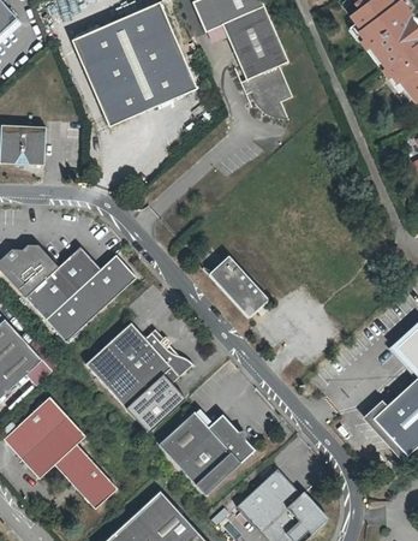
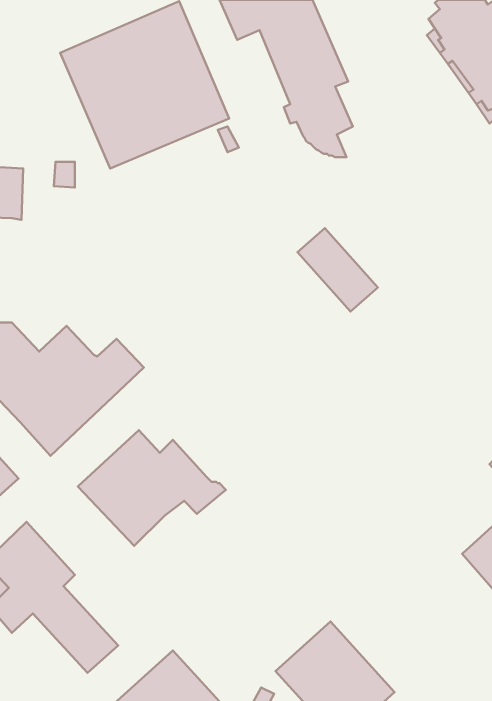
building: [207,255,267,317] -> [297,228,378,312]
building: [130,376,189,434] -> none
building: [156,408,252,491] -> none

